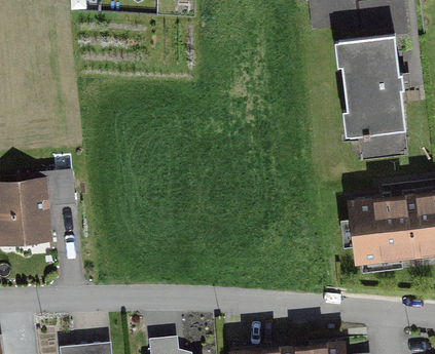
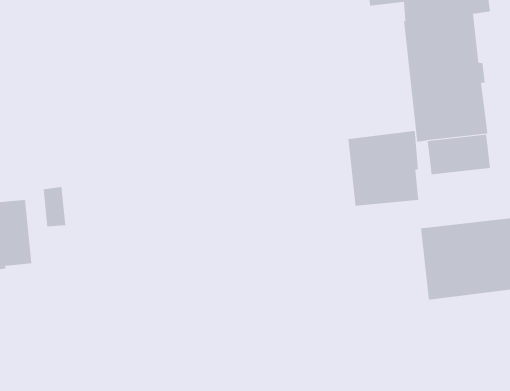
building: none -> [348,130,419,207]

